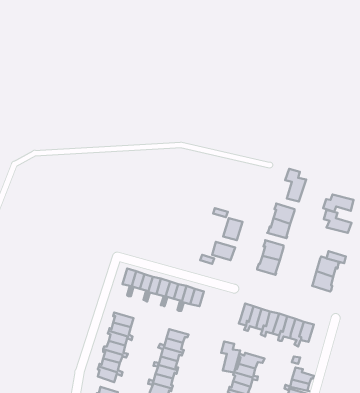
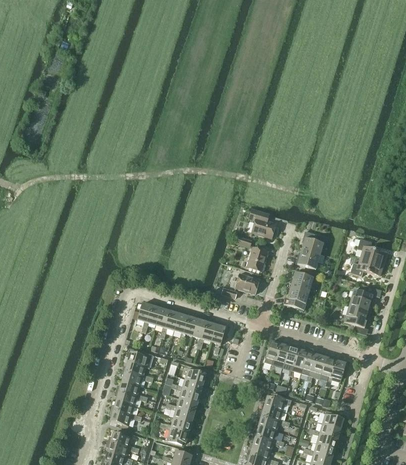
building: [285,169,306,202] -> none
building: none -> [250,209,277,238]
building: [323,194,353,212] -> [351,257,384,276]
building: [221,341,240,372] -> none

